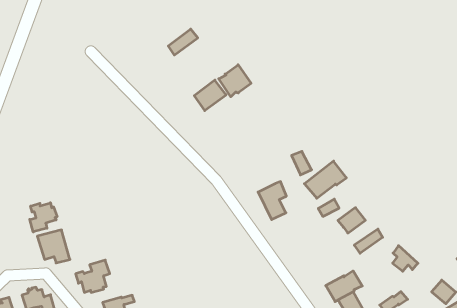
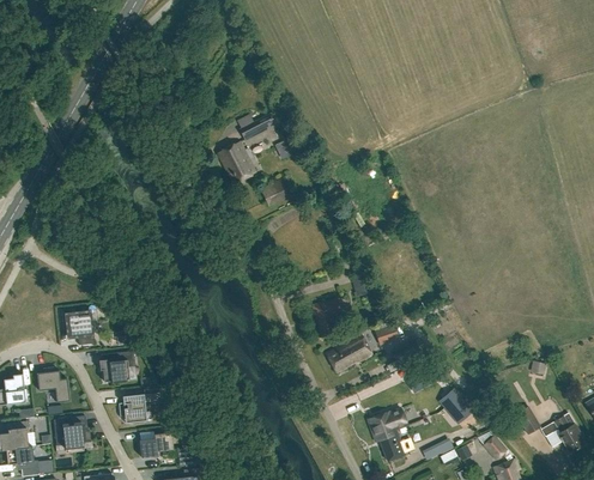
building: none -> [217,141,255,184]
building: [219,65,251,97] -> none
building: [304,161,346,198] -> [326,335,372,372]
building: [30,203,57,232] -> none

